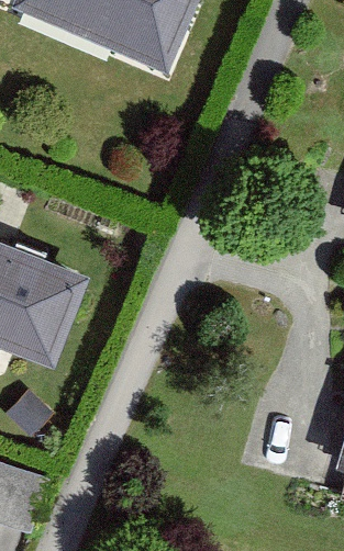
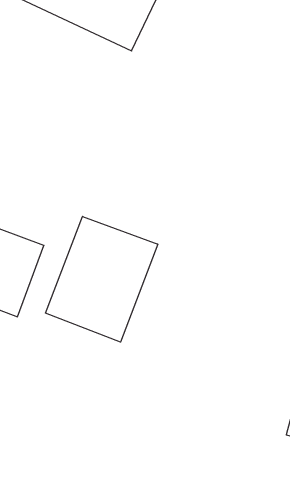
building: none -> [45,216,158,342]

